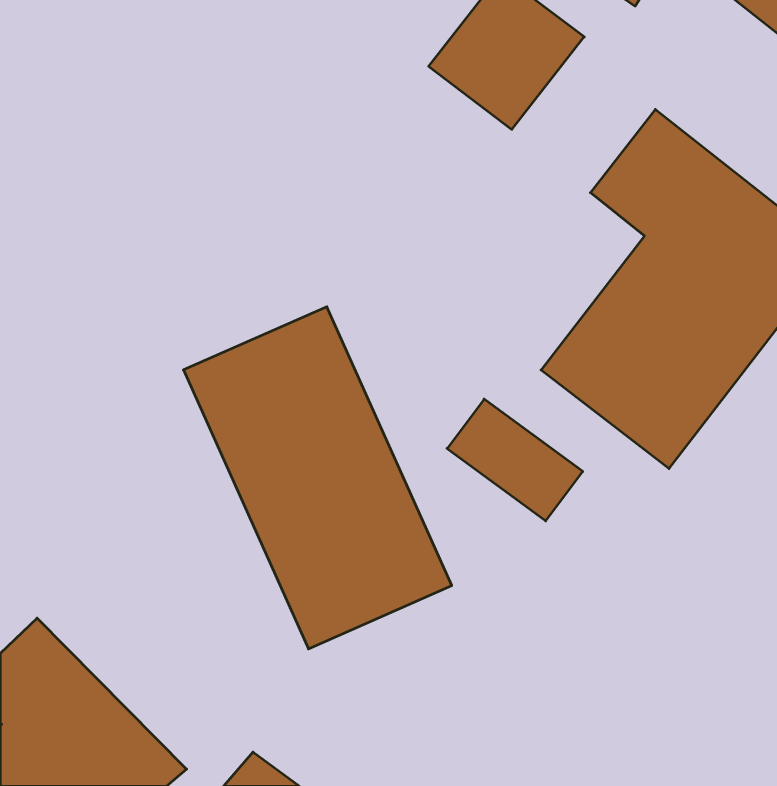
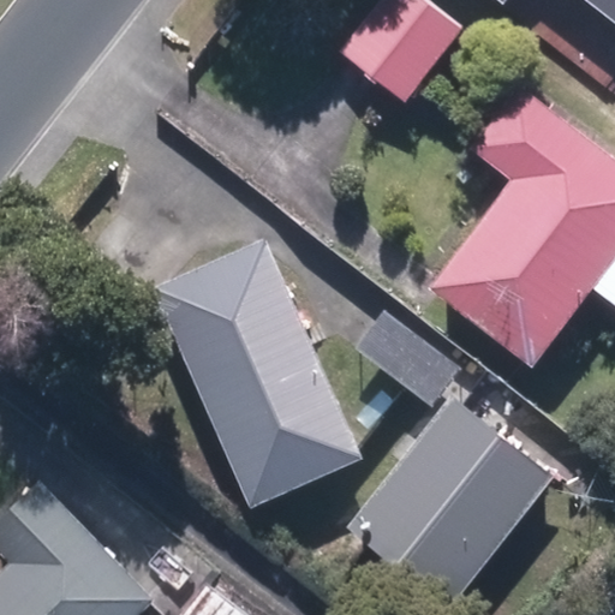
building: none -> [348,395,555,607]

